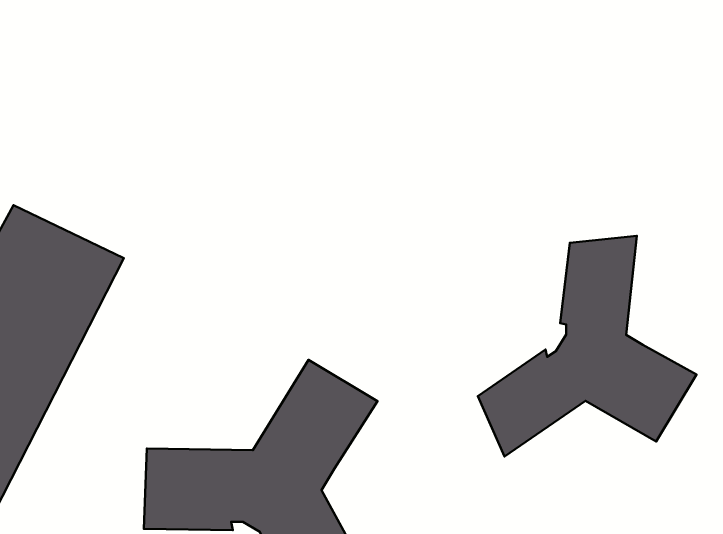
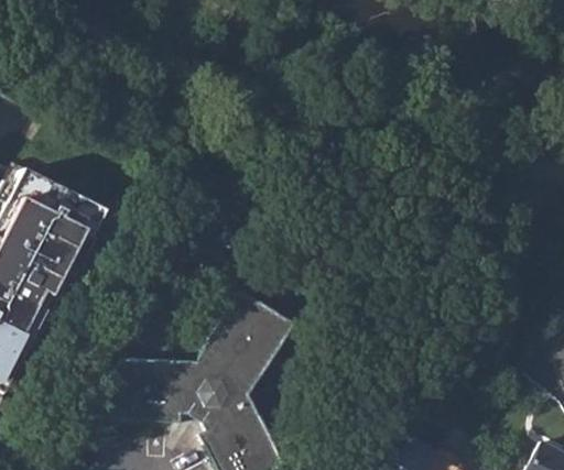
building: [478,236,696,456] -> none

